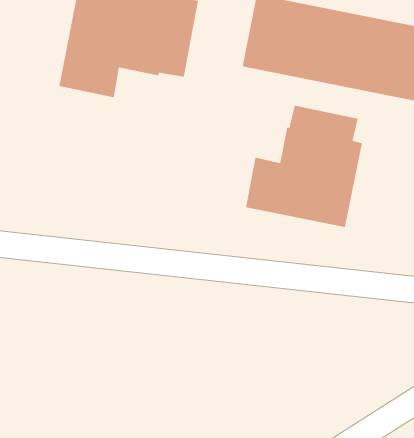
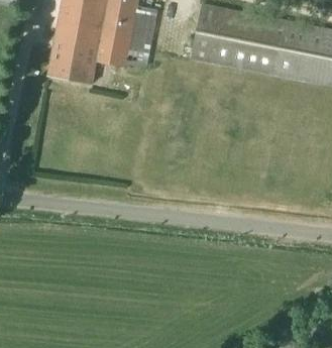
building: [245,105,362,228] -> none

